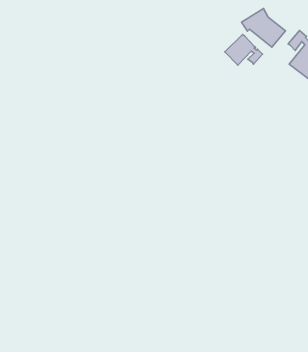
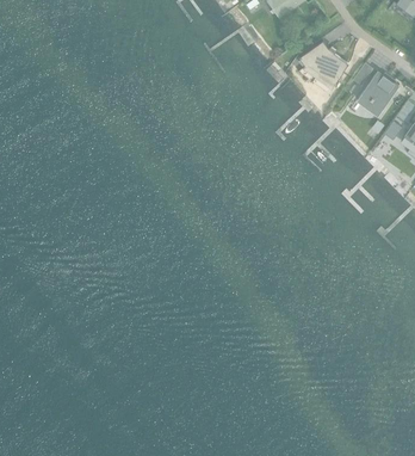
building: [225,35,263,65] -> none

